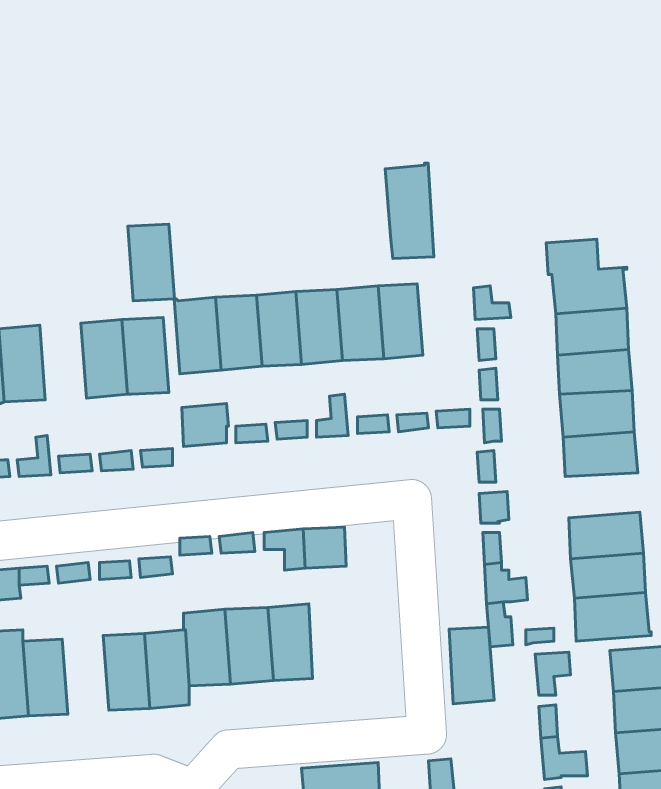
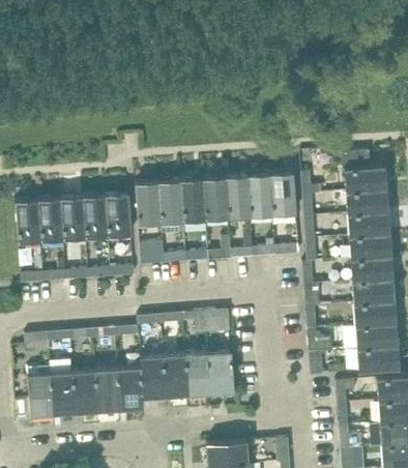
building: [385,163,434,259] -> [269,173,296,226]
building: [128,224,174,301] -> [60,198,86,240]
building: none -> [351,281,392,305]
building: [449,627,494,704] -> [209,352,234,394]
building: none -> [72,371,98,414]

